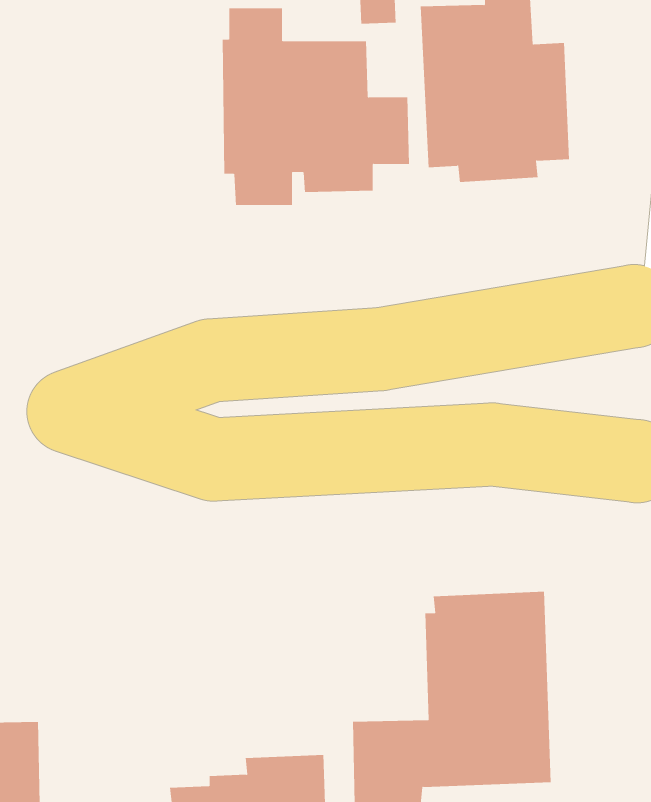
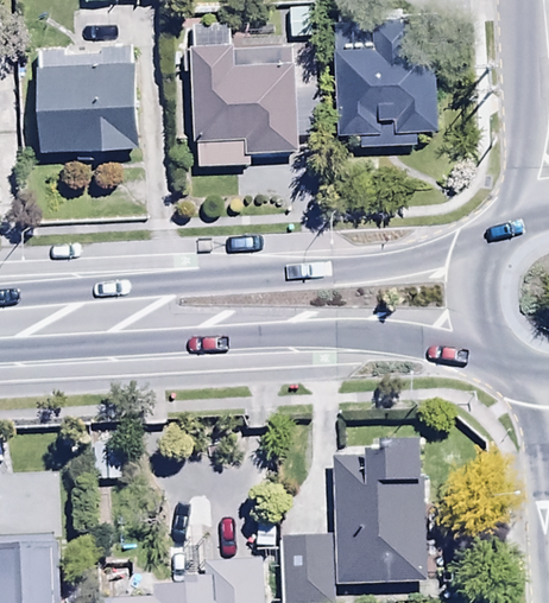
building: none -> [37,46,135,161]

